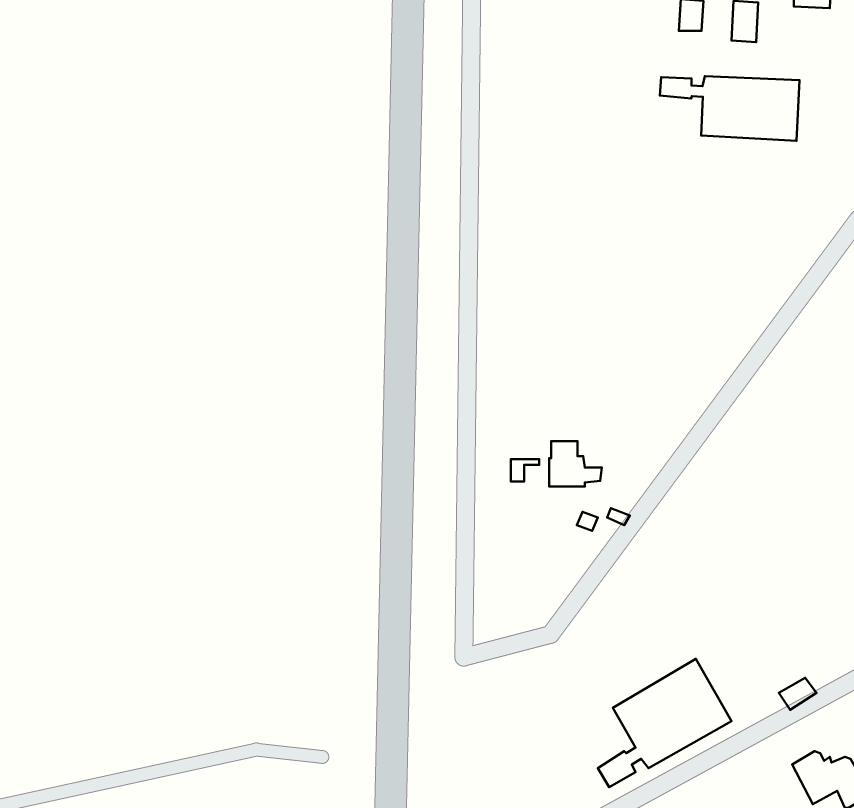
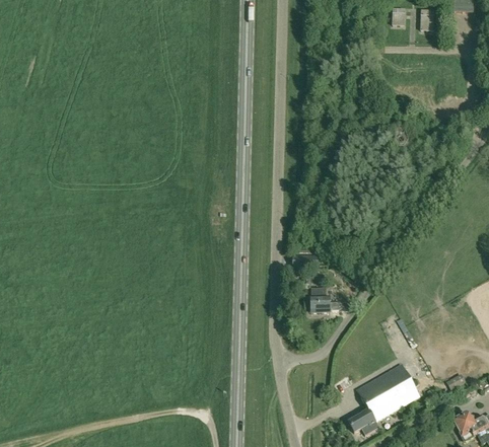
building: [660,76,799,141] -> none
building: [549,441,602,486] -> [310,287,339,311]

